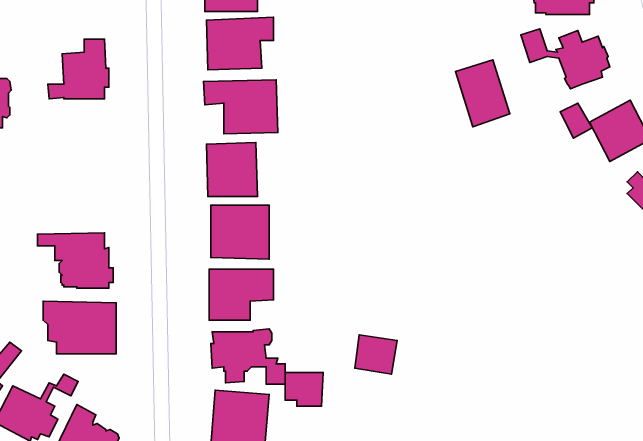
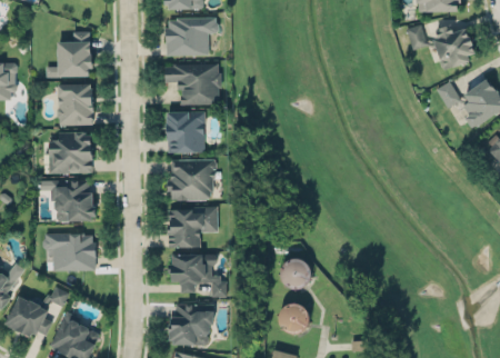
building: [455,60,510,127] -> none
building: none -> [56,84,92,125]
building: none -> [43,131,91,173]
building: [285,373,323,406] -> [279,305,308,330]

